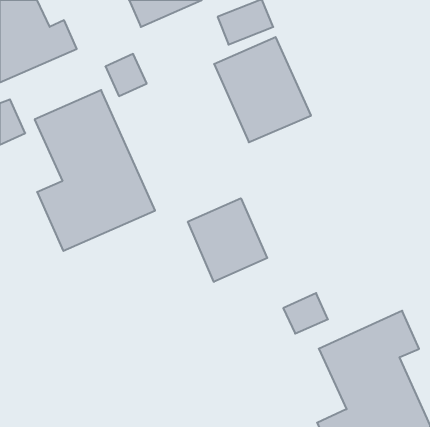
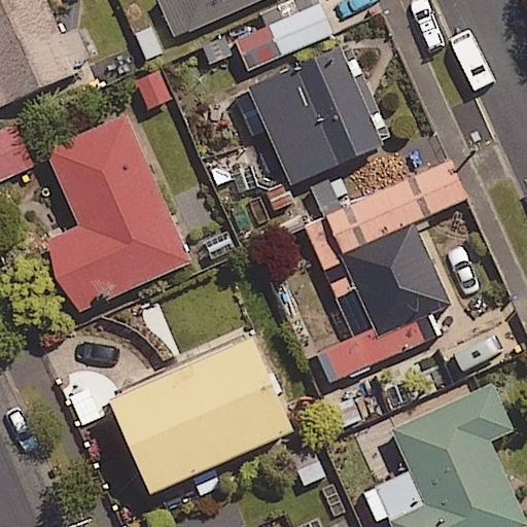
building: none -> [321,162,466,340]
building: [188,198,267,282] -> none
building: none -> [106,333,293,492]

